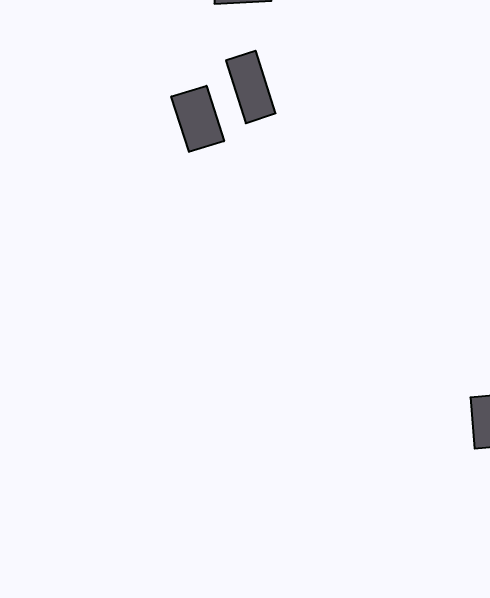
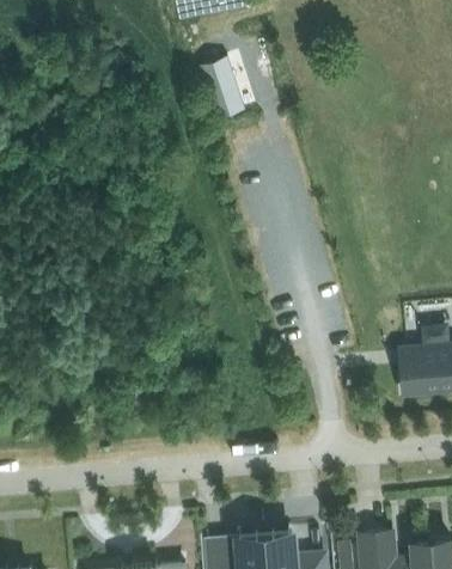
building: [171,86,224,152] -> none

